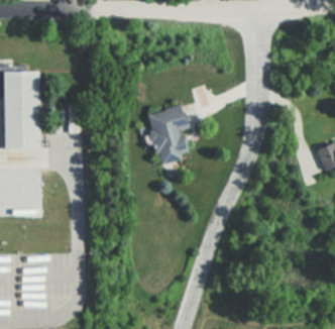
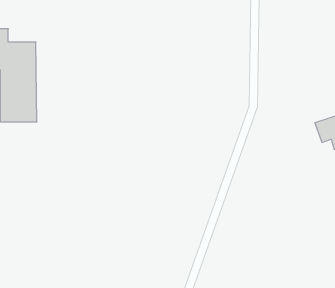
building: [144,104,196,162] -> none

